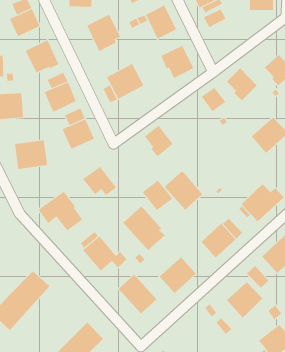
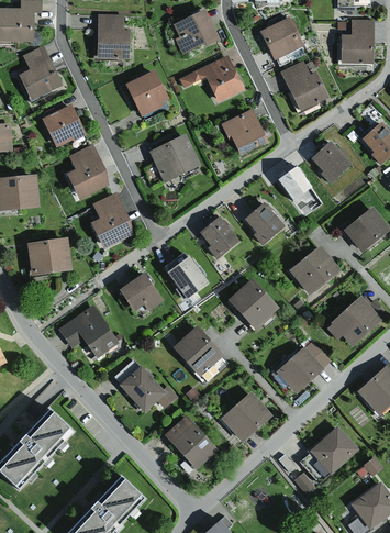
building: none -> [287,71,328,111]
building: none -> [244,203,285,245]
building: none -> [288,244,341,295]
building: [142,180,173,211] -> [165,255,207,297]
building: [246,265,269,288] -> [300,453,331,484]

